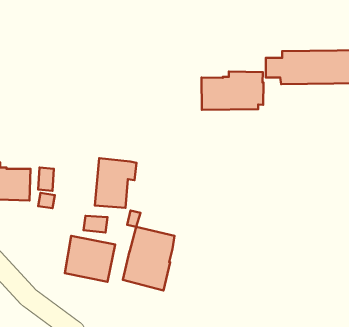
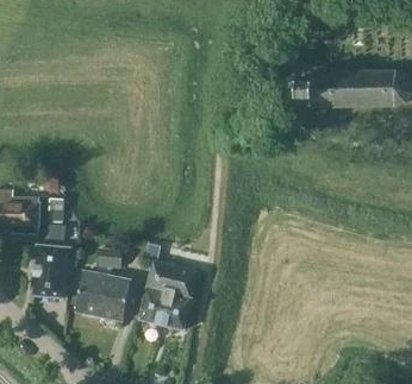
building: [202,71,263,110] -> none
building: [95,158,137,208] -> [32,244,77,297]

